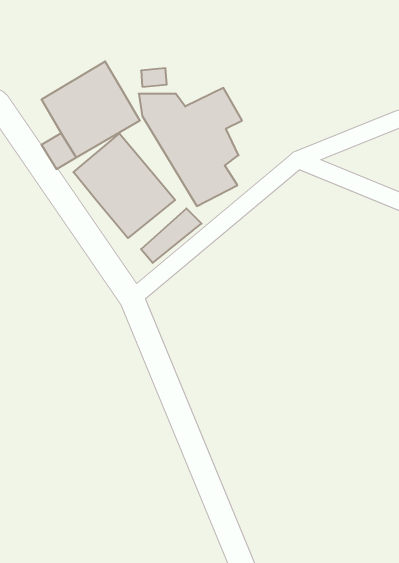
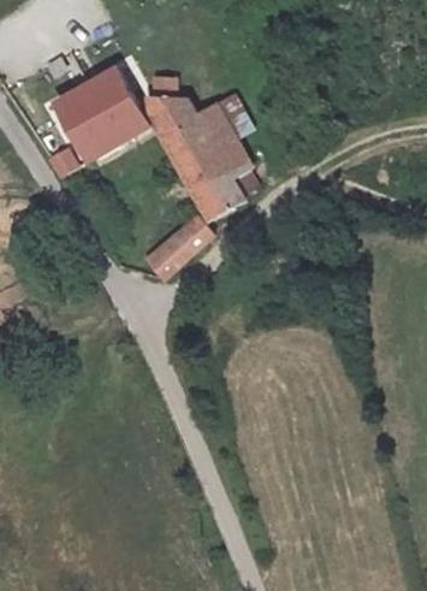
building: [73,133,175,238] -> none

